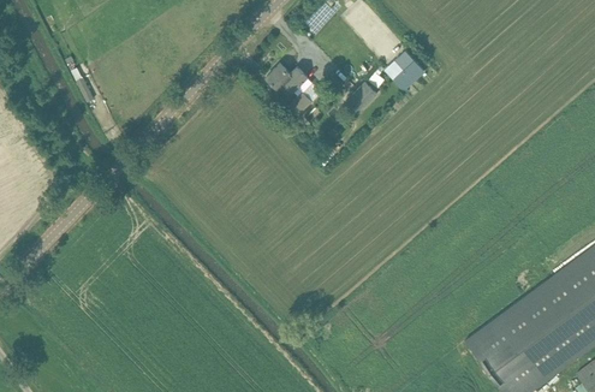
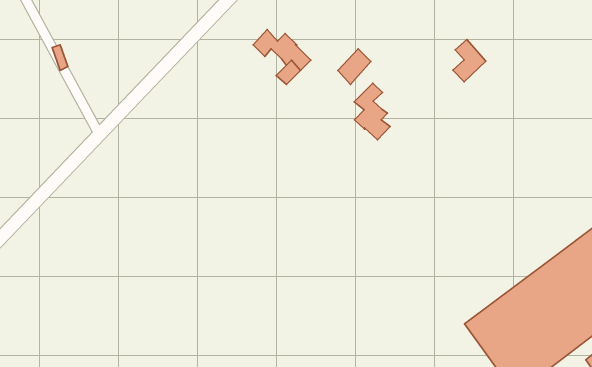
building: [393,51,424,90] -> [453,39,486,82]
building: none -> [354,83,390,140]

